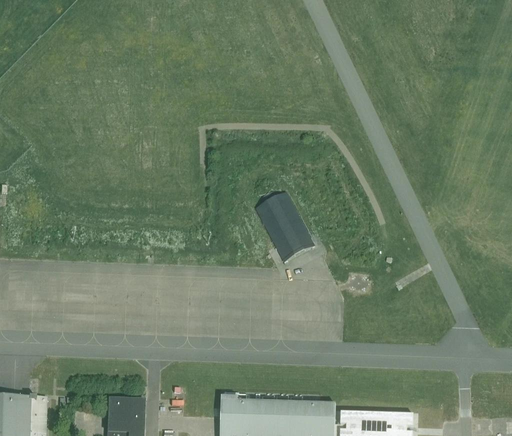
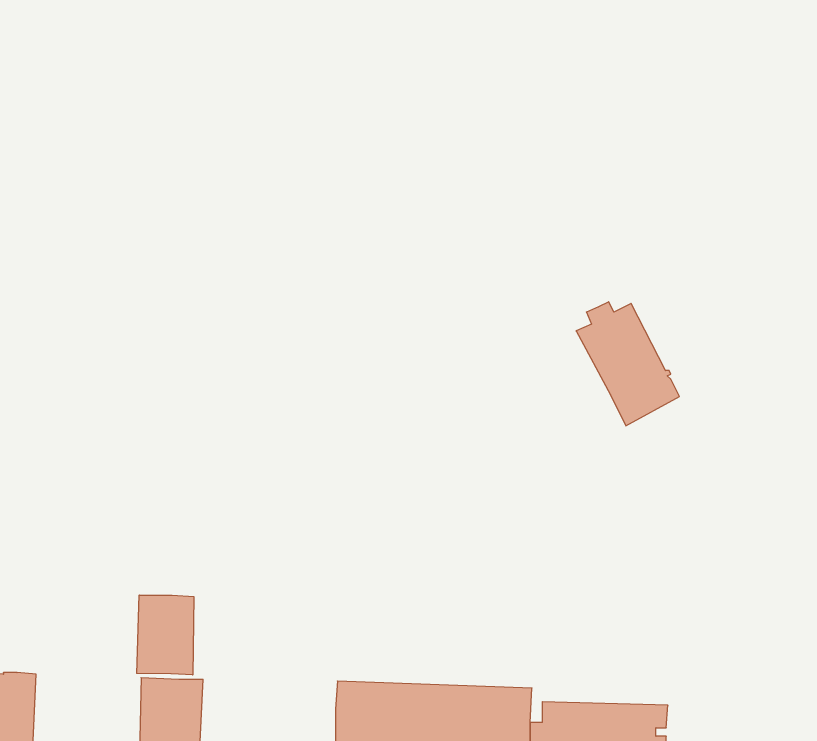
building: [255,189,315,261] -> [576,302,679,426]
building: none -> [137,595,194,675]

